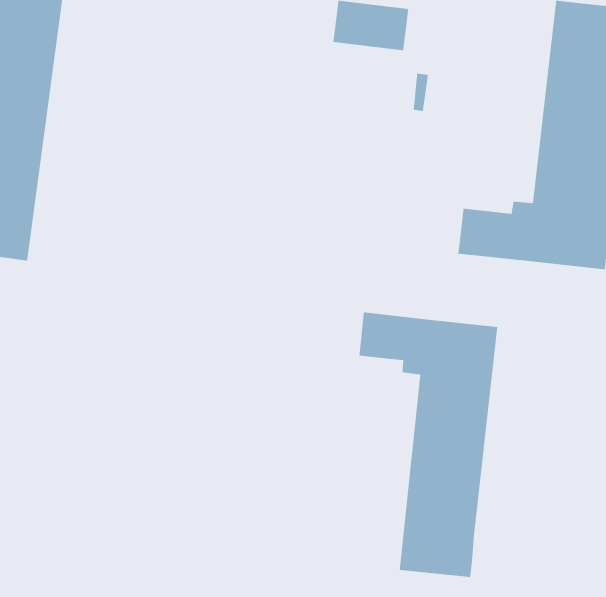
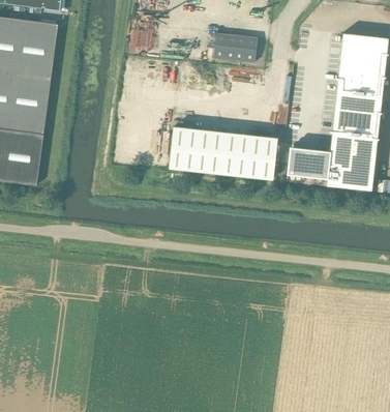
building: none -> [169,126,277,179]
building: [358,311,498,578] -> none

